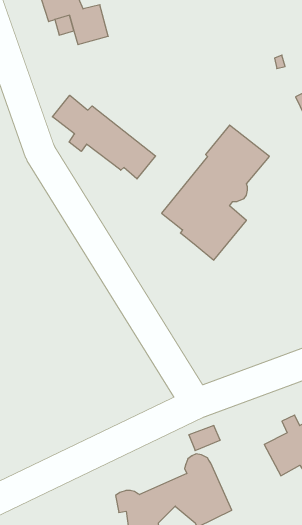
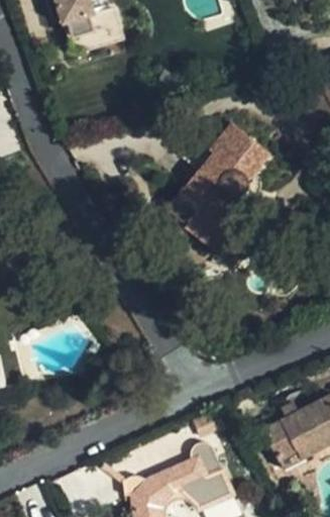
building: [52,95,156,179] -> none

